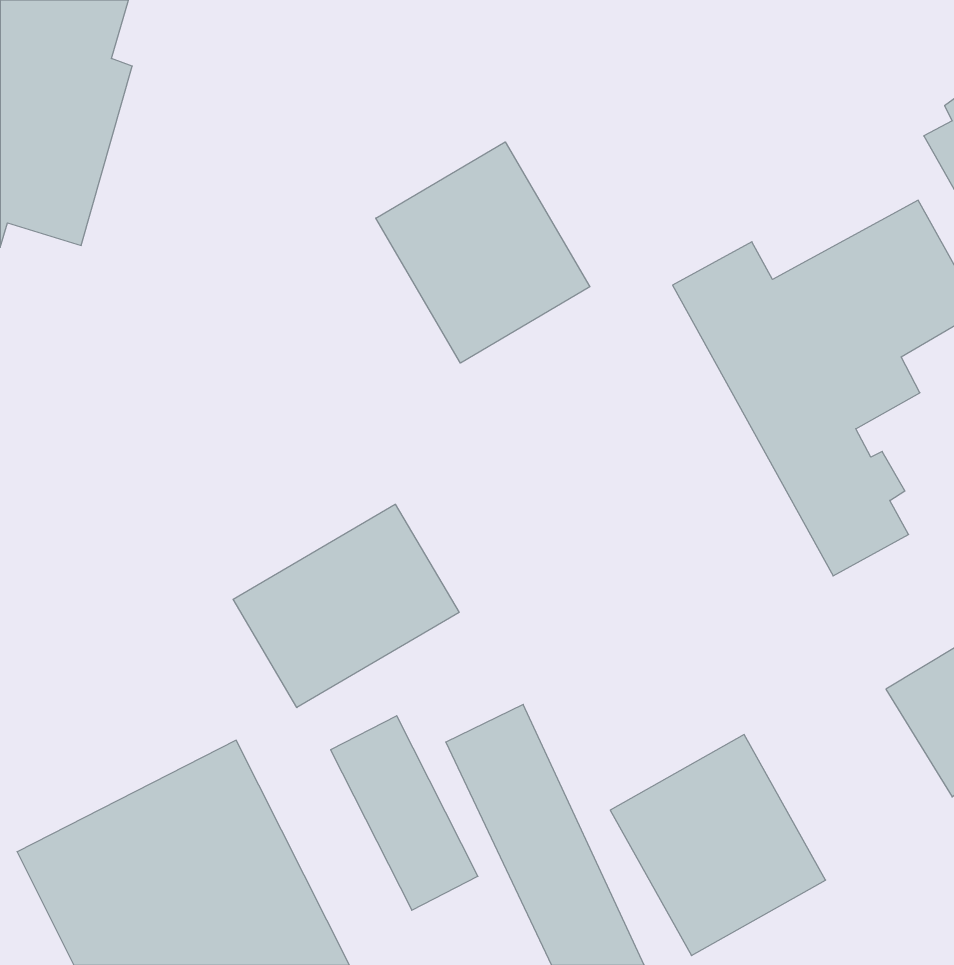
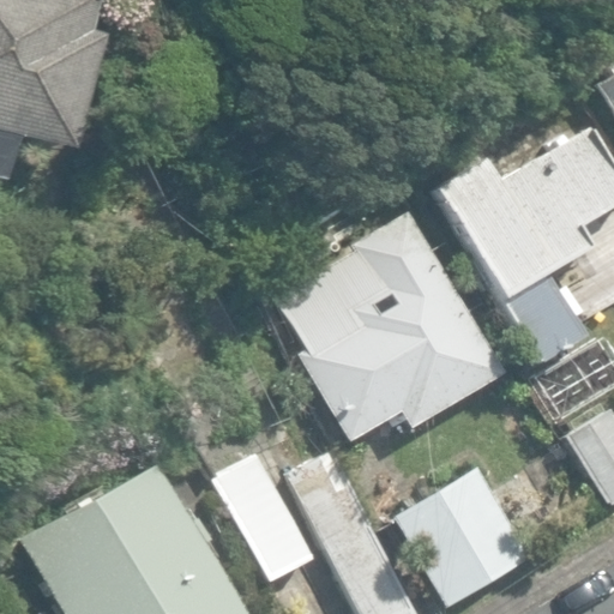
building: [376,142,590,363] -> none
building: none -> [276,211,504,443]
building: [233,504,459,708] -> none

